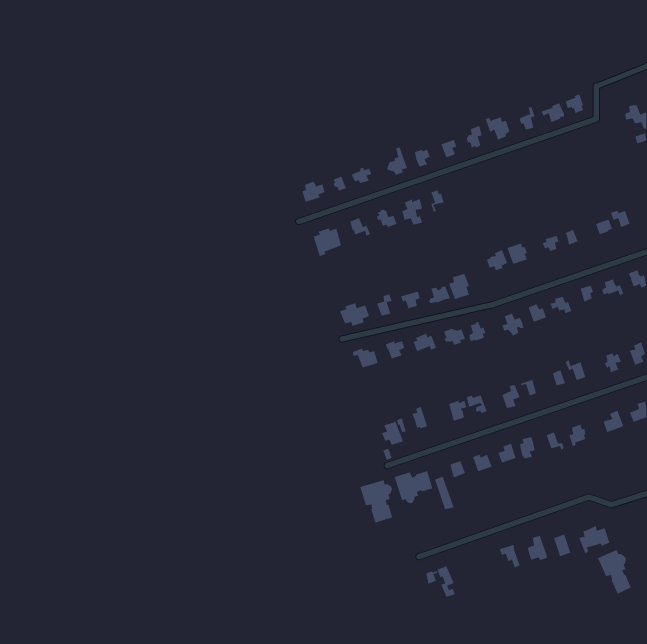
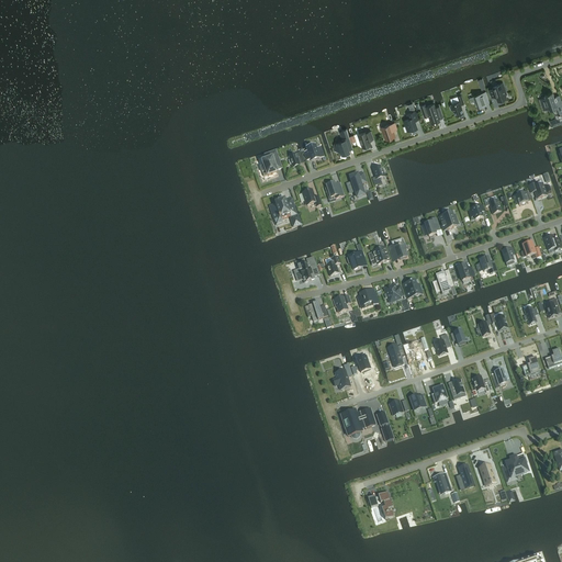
building: [359,479,393,524] -> none
building: [597,549,632,595] -> none

